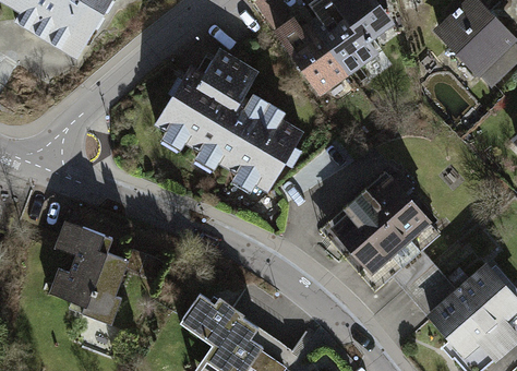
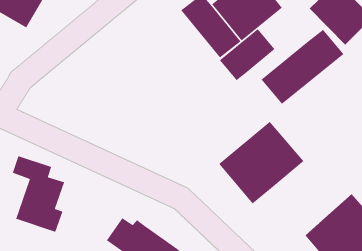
building: [148,47,294,190] -> none
building: none -> [219,28,275,81]
building: none -> [261,29,344,105]

